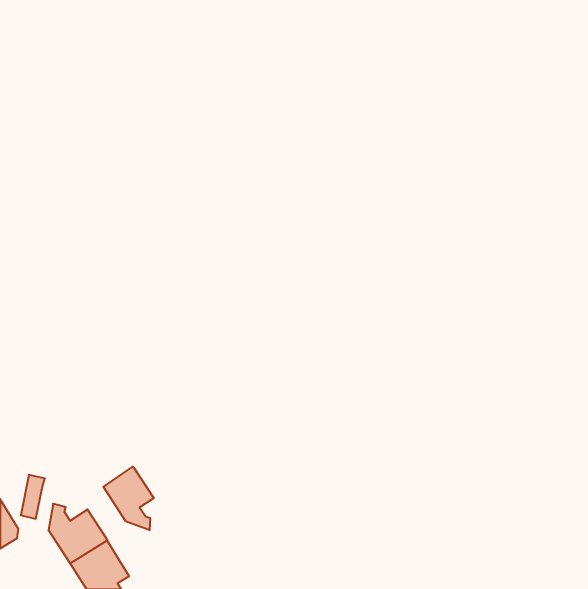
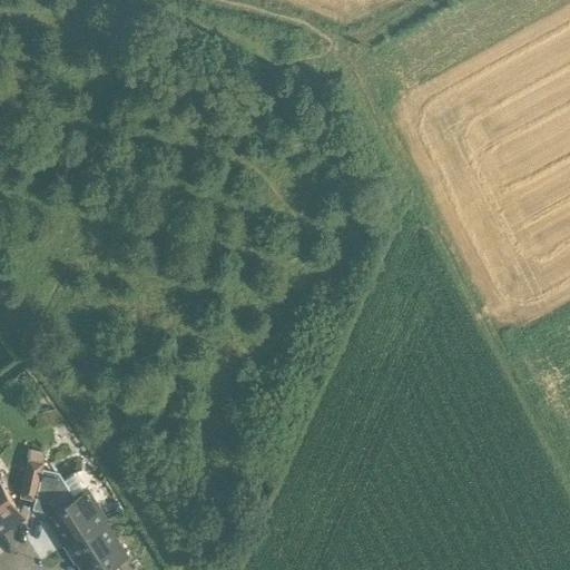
building: [103,467,154,530] -> none
building: none -> [33,470,65,512]

